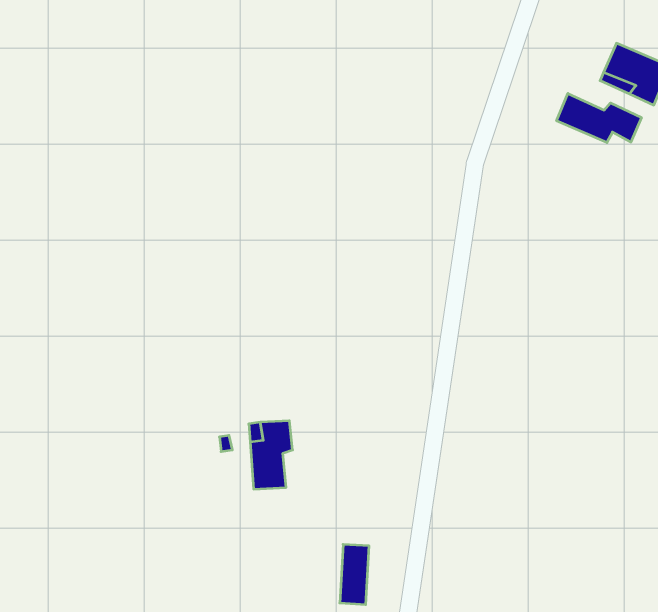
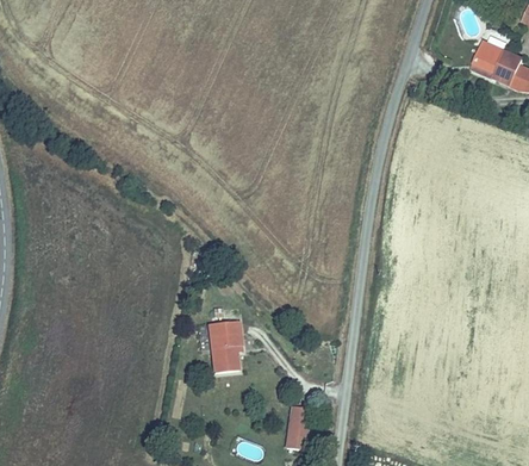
building: [557,93,641,143] -> none

